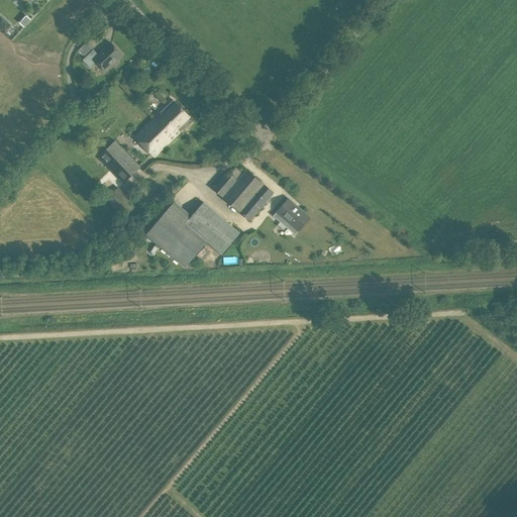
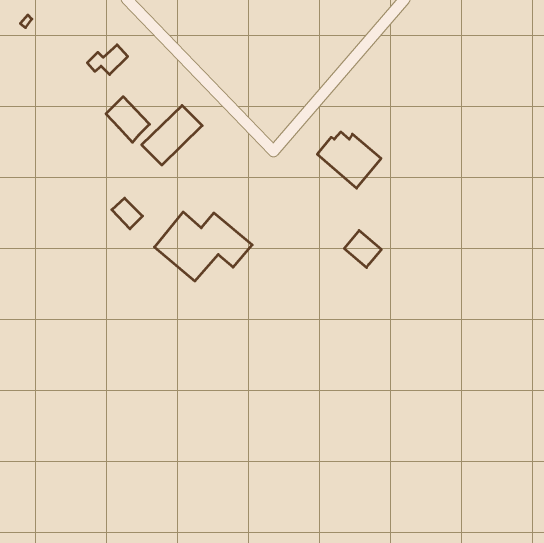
building: [98,140,139,184] -> [106,97,150,142]
building: [213,168,274,221] -> [317,132,381,188]
building: [274,199,309,234] -> [344,230,381,268]

